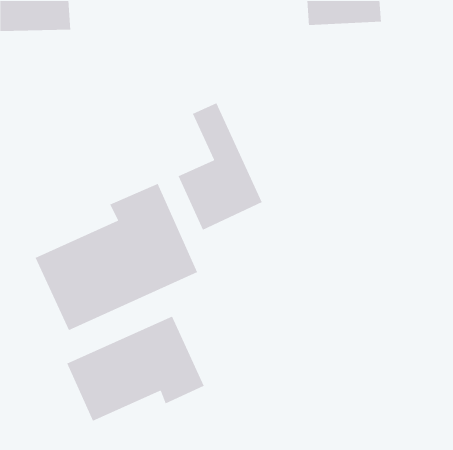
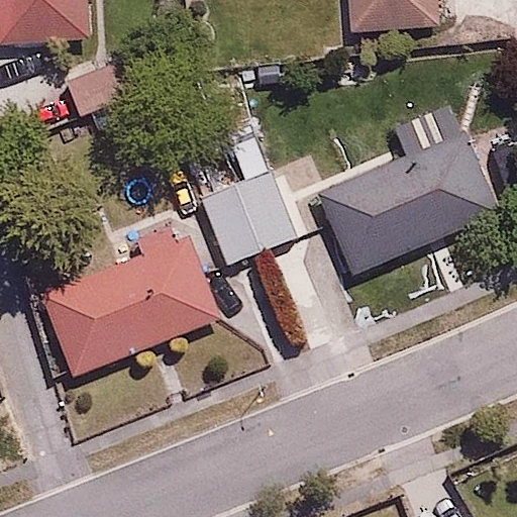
building: none -> [317,114,496,270]
building: [66,315,205,422] -> none

